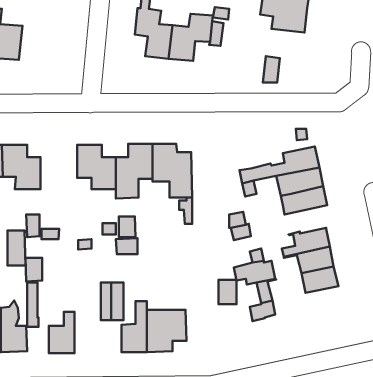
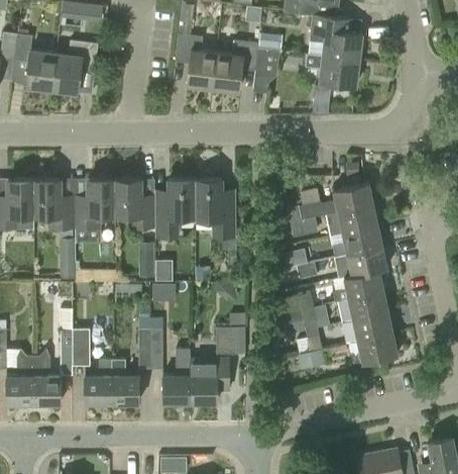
building: none -> [51,40,99,93]
building: none -> [306,55,357,86]
building: none -> [75,181,114,228]
building: none -> [336,246,387,277]
building: [8,231,26,265] -> [72,328,91,366]
building: [218,280,236,304] -> [217,327,236,354]
building: none -> [358,333,398,362]
building: none -> [111,359,138,404]

